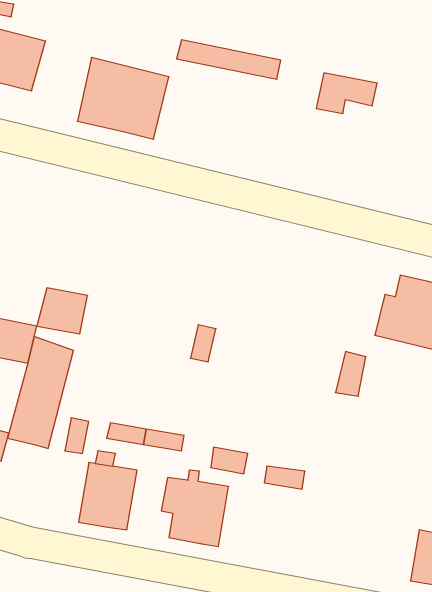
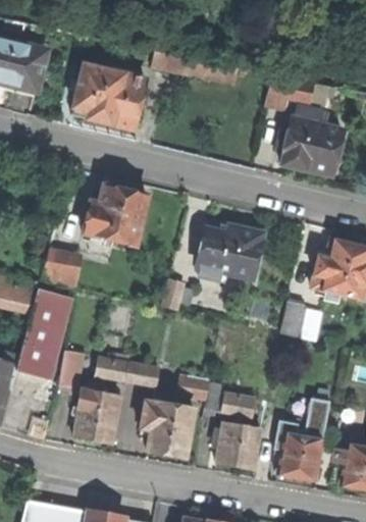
building: none -> [276,106,341,174]
building: none -> [84,185,147,244]
building: none -> [197,225,262,277]
building: none -> [273,402,328,478]
building: none -> [216,421,260,468]

